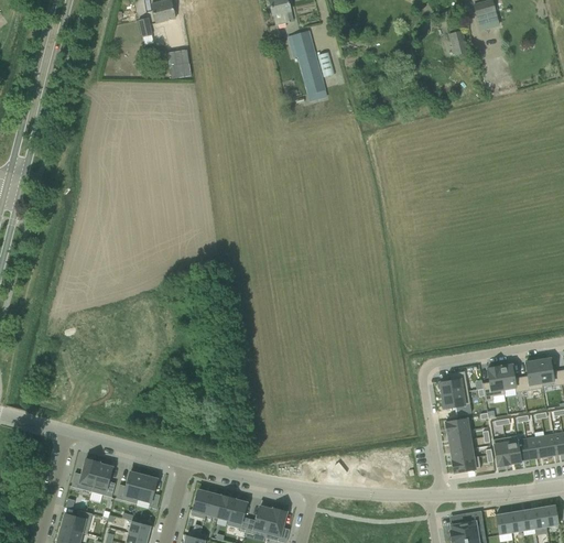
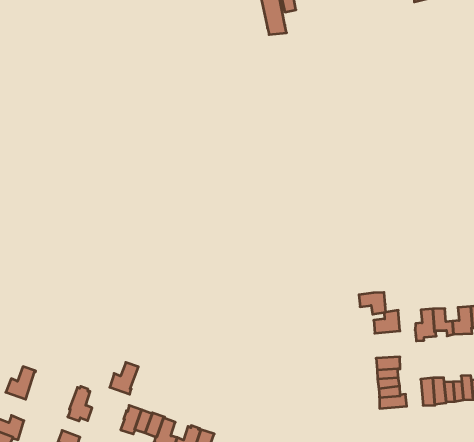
building: [442,391,470,414] -> [359,292,386,314]
building: [91,463,115,497] -> none
building: [116,471,143,503] -> [110,362,138,394]

